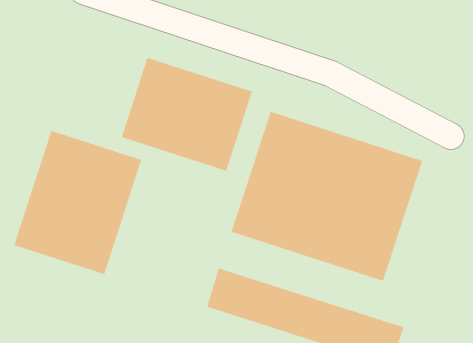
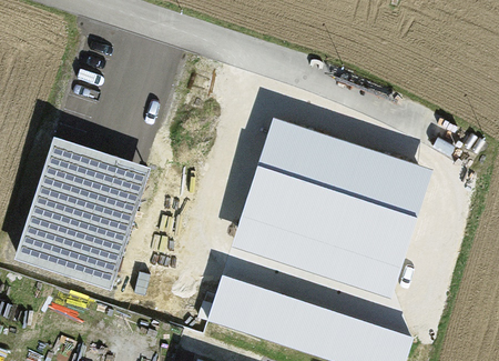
building: [121,57,253,172] -> none

